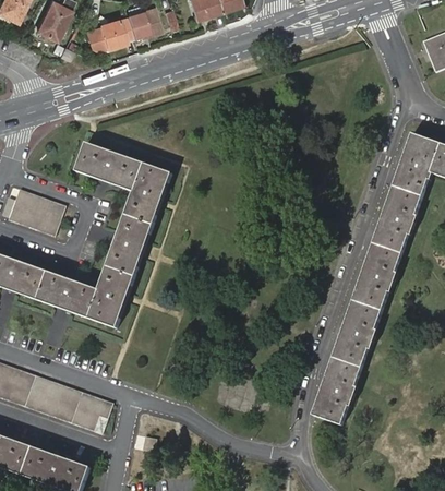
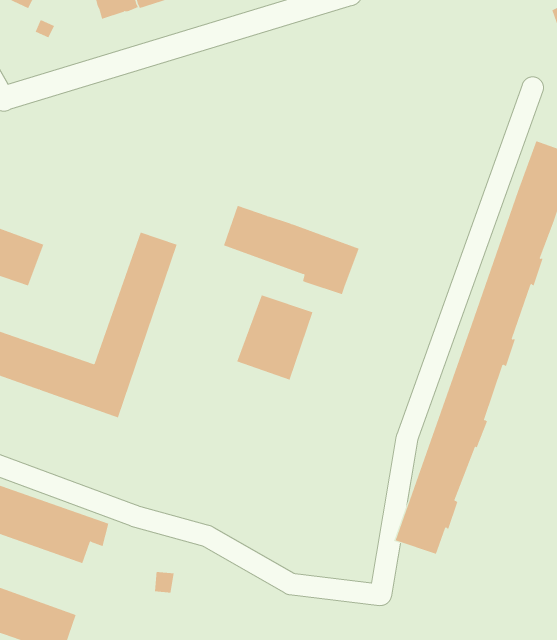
building: [74,142,170,205] -> [223,205,360,295]
building: none -> [237,294,313,380]

